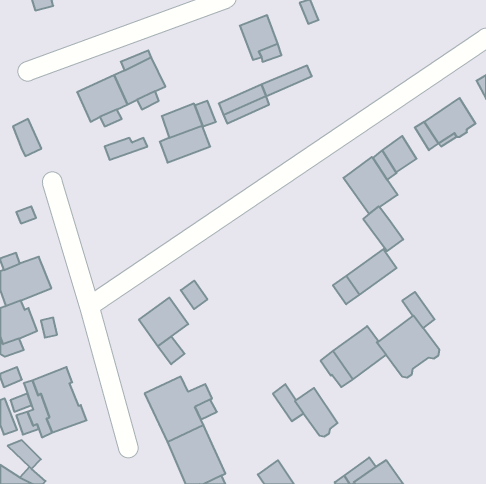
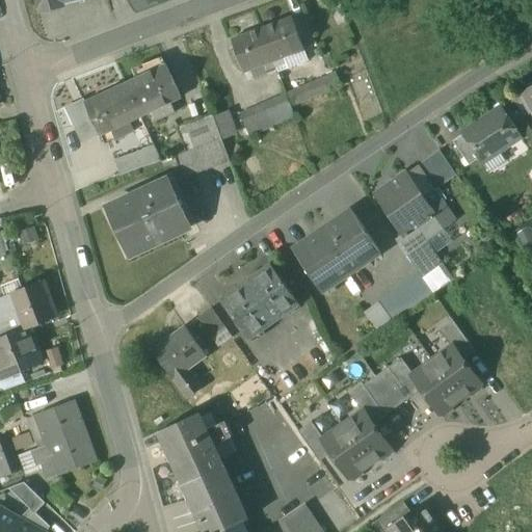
building: none -> [231,28,276,71]
building: [13,119,41,156] -> [68,101,99,141]
building: none -> [105,178,191,254]
building: none -> [415,188,455,240]
building: none -> [293,209,380,291]
building: none -> [221,264,296,337]
building: none -> [343,409,390,462]

